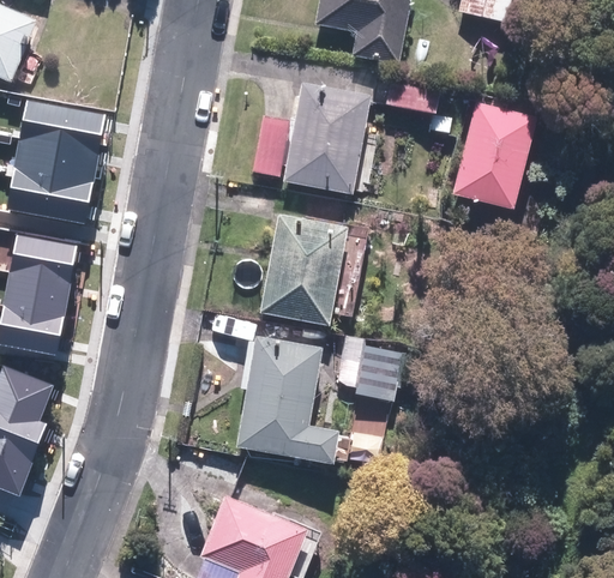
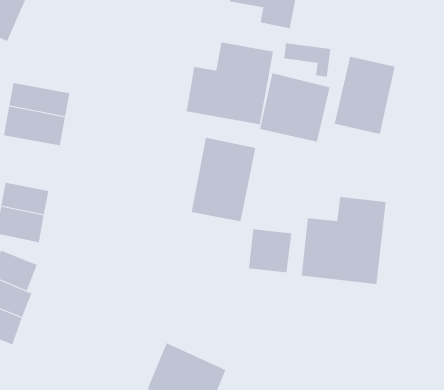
building: [18,100,103,151] -> none
building: none -> [260,73,330,143]
building: [7,234,74,284] -> none
building: none -> [301,196,386,285]
building: [239,332,342,463] -> none

